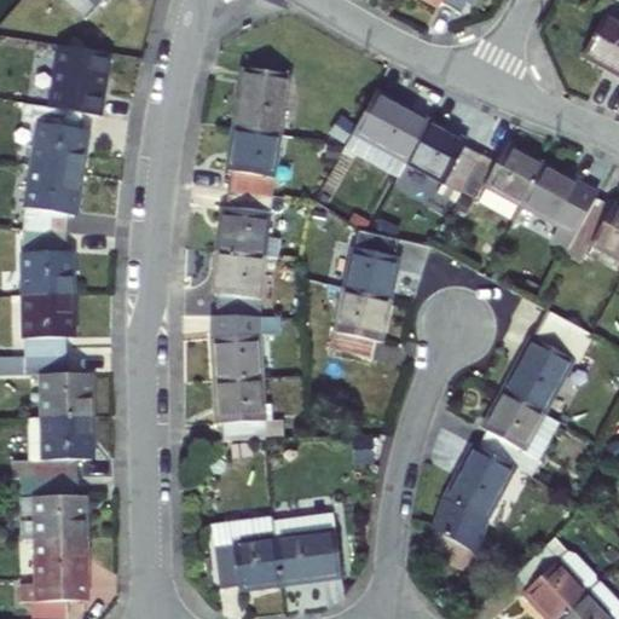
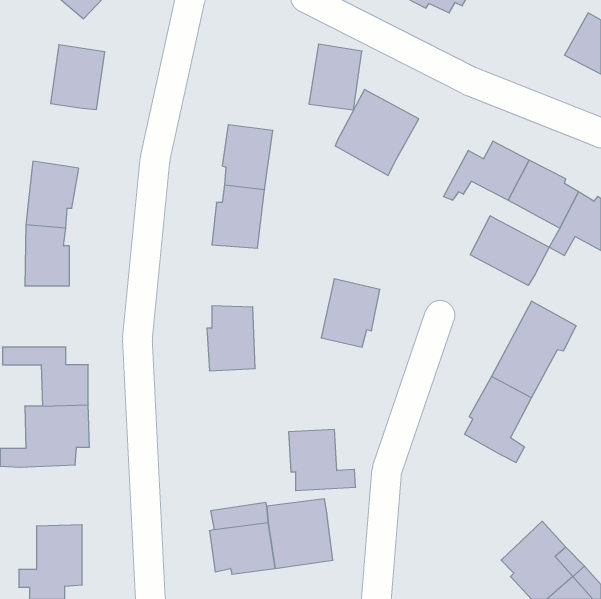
building: [235,66,289,134] -> [309,44,362,110]
building: [24,103,87,173] -> none
building: [407,122,481,202] -> none
building: none -> [470,216,549,285]
building: [343,230,399,297] -> none
building: [214,251,265,316] -> none
building: [25,294,73,357] -> none
building: [215,378,284,441] -> [289,429,356,491]
building: [442,444,514,553] -> none
building: [21,478,85,540] -> none

